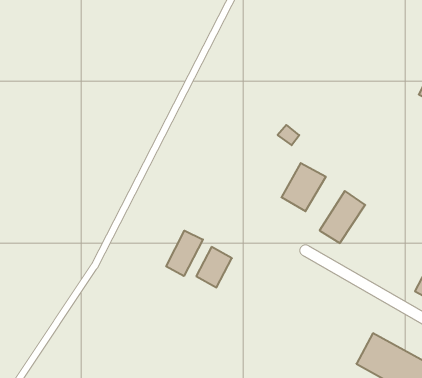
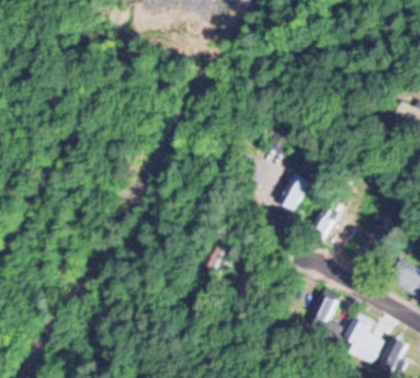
building: [166,231,203,276] -> none
building: none -> [308,293,343,333]

